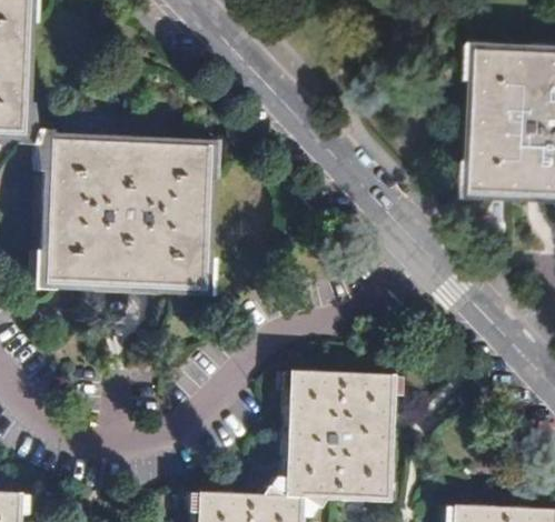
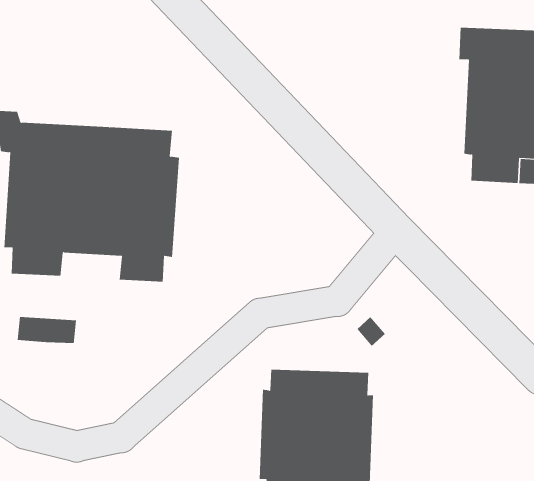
building: [98,261,155,287] -> [17,317,77,344]

